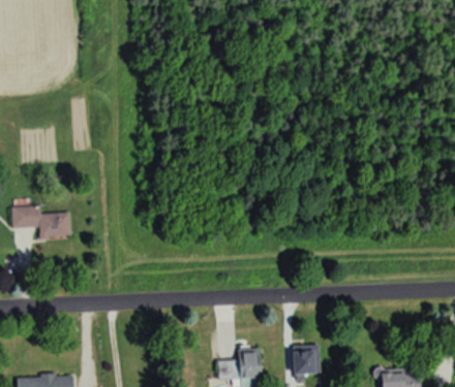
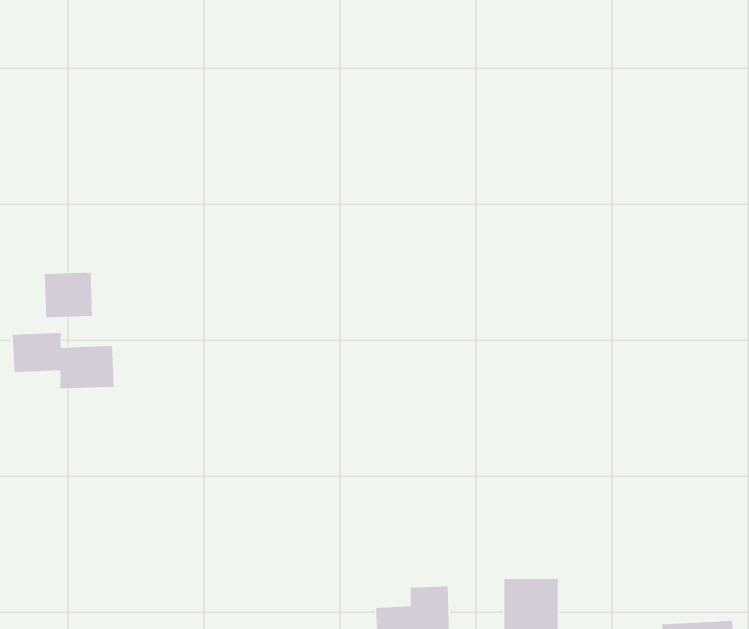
building: none -> [44,272,93,318]

